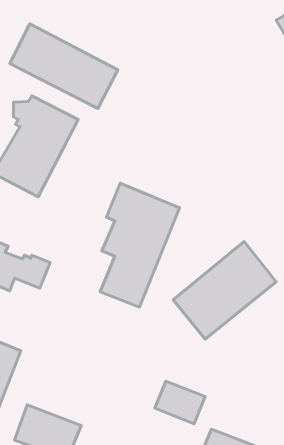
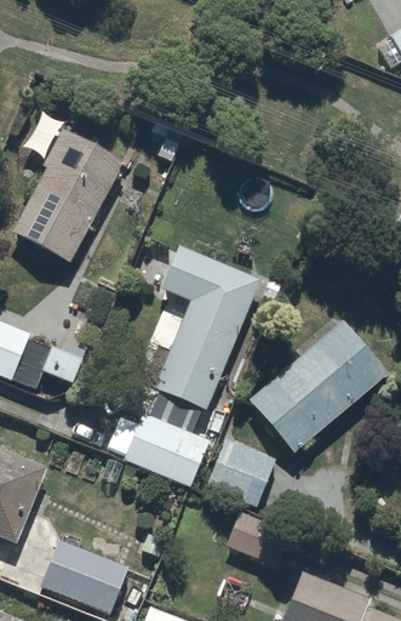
building: [10,24,118,109] -> none
building: none -> [122,410,208,485]
building: none -> [206,437,274,505]

